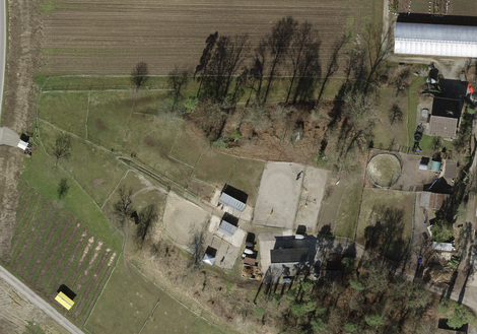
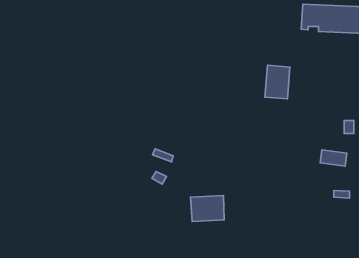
building: [429,99,459,139] -> [265,65,290,99]

